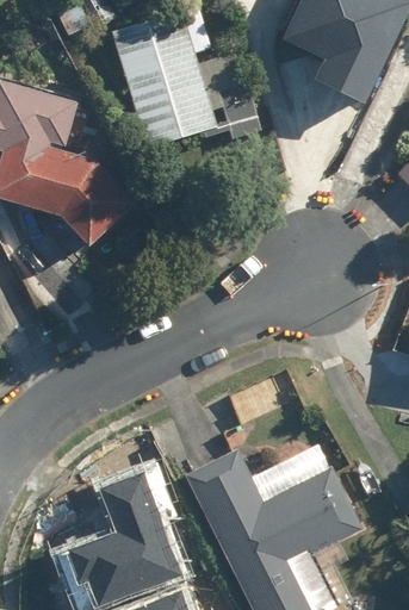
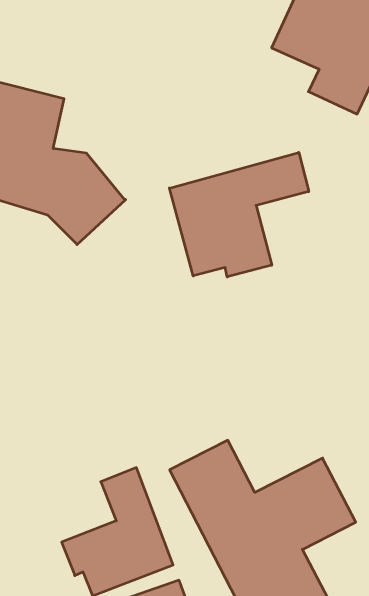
building: [111,17,266,152] -> none
building: none -> [169,152,309,277]

